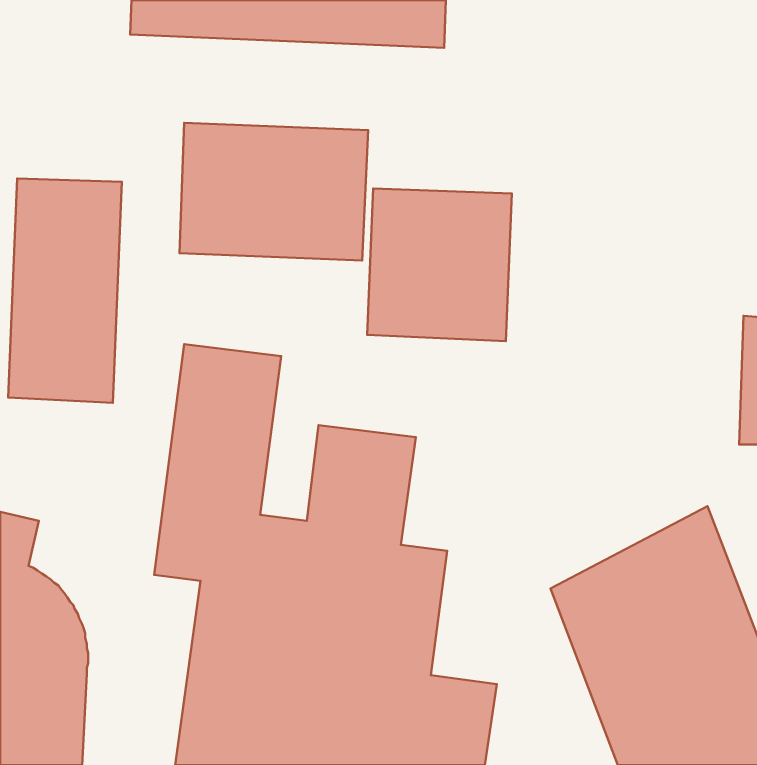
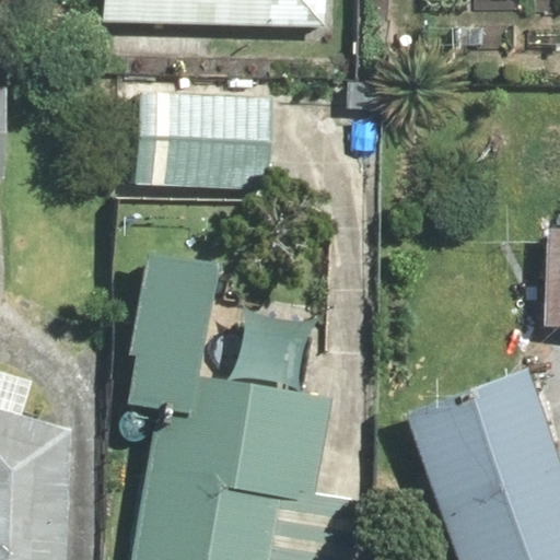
building: [8,179,122,403] -> none
building: [367,189,512,341] -> none

